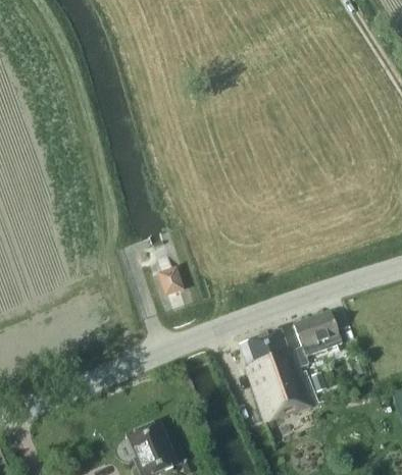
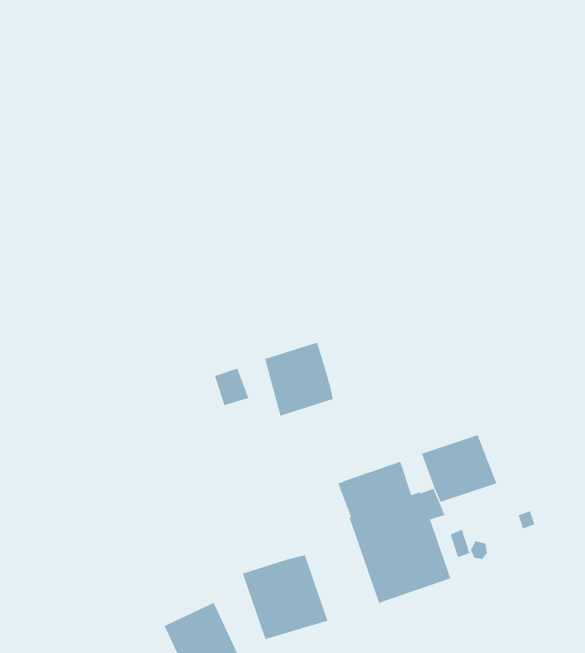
building: none -> [265,342,333,416]
building: none -> [242,554,328,640]

